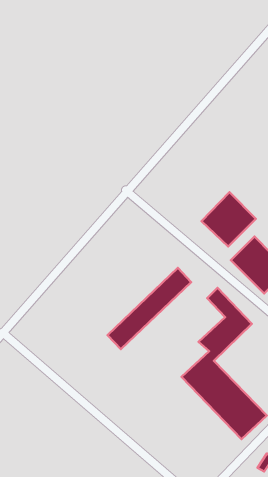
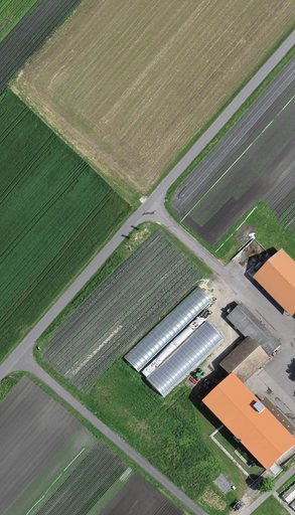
building: [202,192,256,247] -> none
building: none -> [146,321,224,396]

